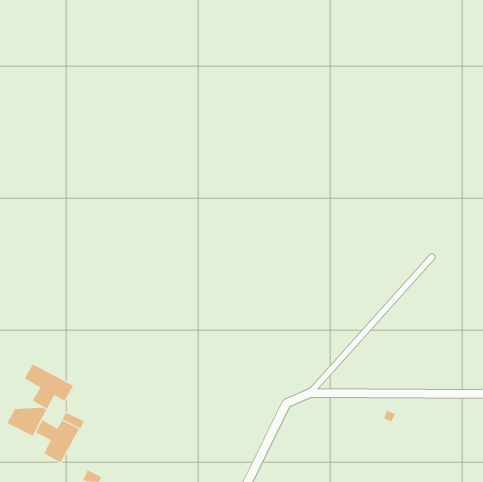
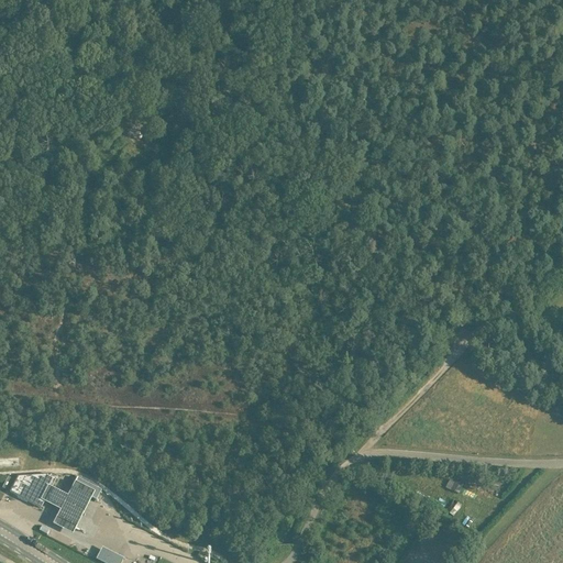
building: [24,364,74,410] -> none

